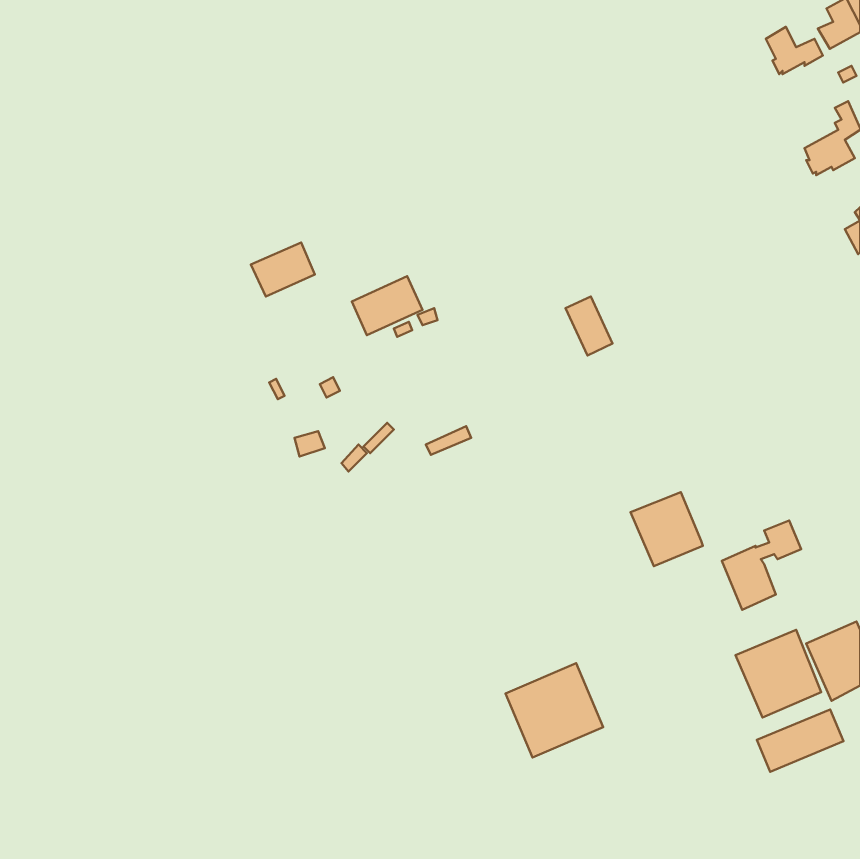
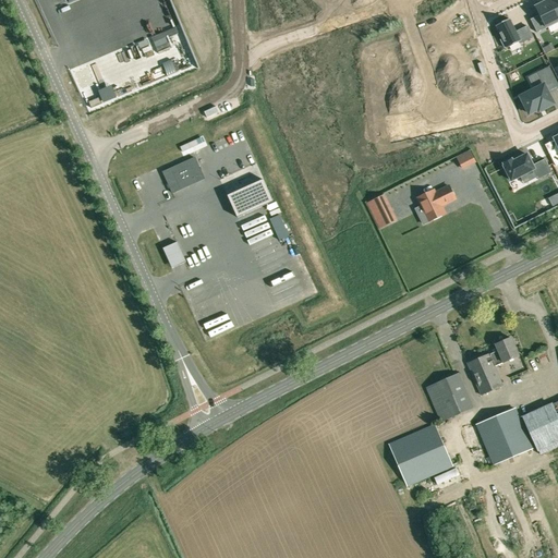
building: none -> [504,154,551,181]
building: none -> [418,185,456,220]
building: [630,492,703,566] -> [427,373,474,421]
building: [506,663,603,757] -> [389,424,452,485]
building: [757,709,843,772] -> none

